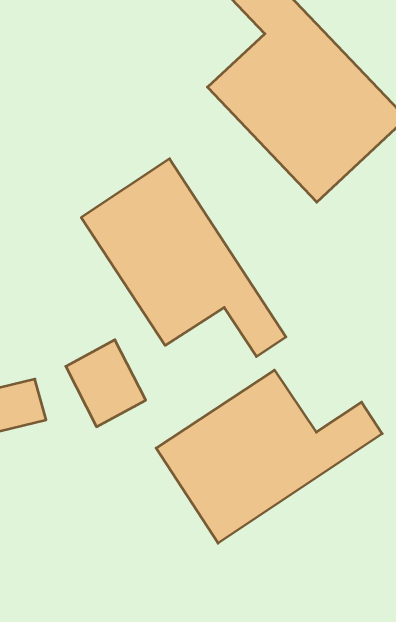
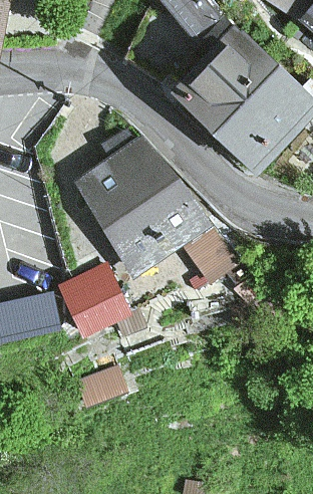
building: [156,370,382,543] -> none

